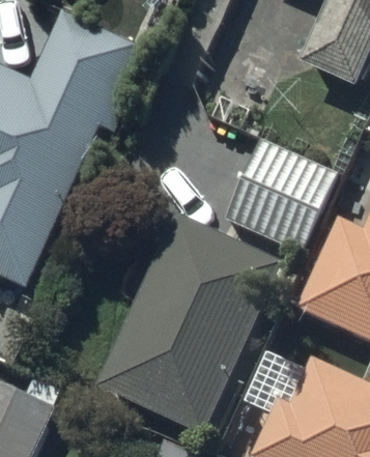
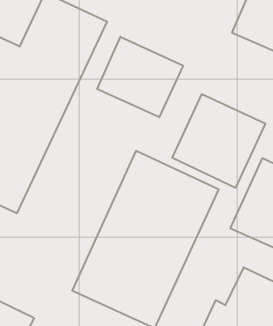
building: none -> [97,37,183,117]

